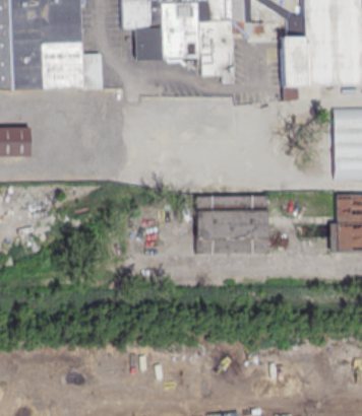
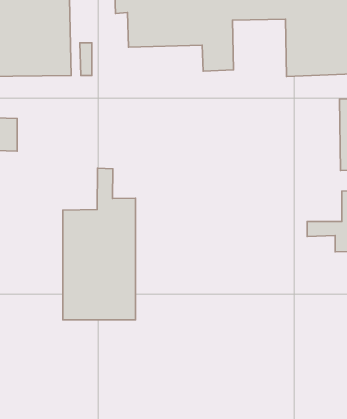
building: none -> [63,168,135,320]
building: [194,195,266,253] -> none

